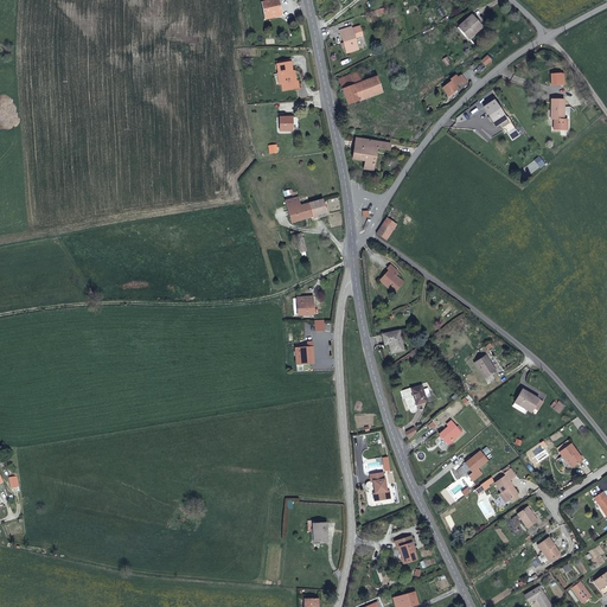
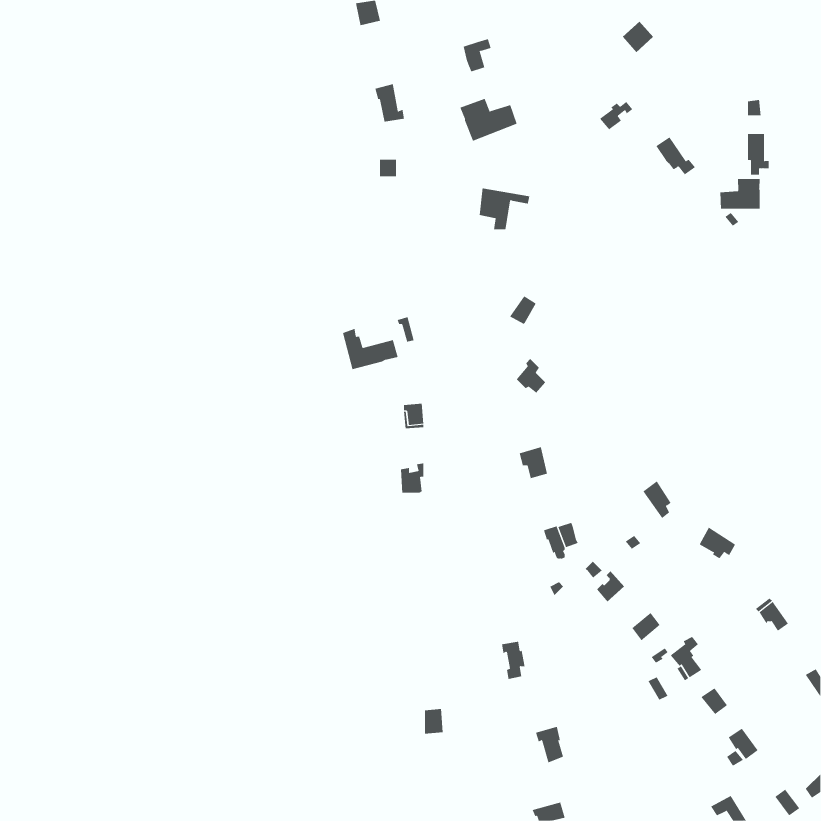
building: none -> [720,178,760,210]
building: [285,192,326,223] -> [342,328,398,370]

